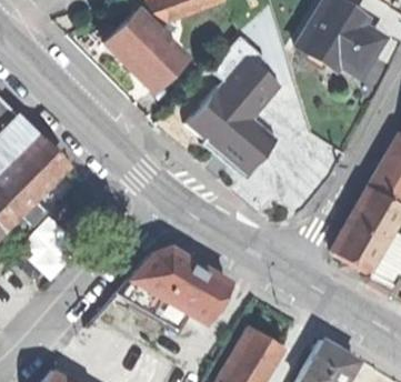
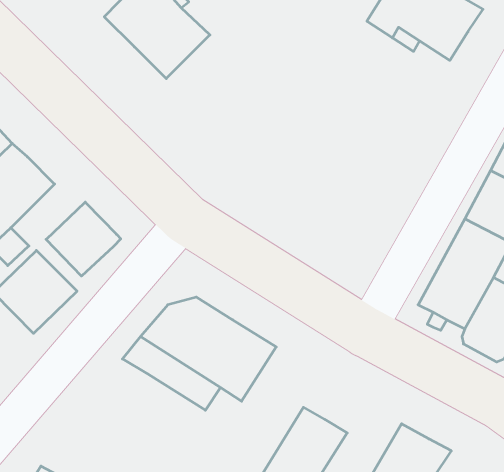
building: [188,39,285,178] -> none
building: none -> [46,202,121,276]

